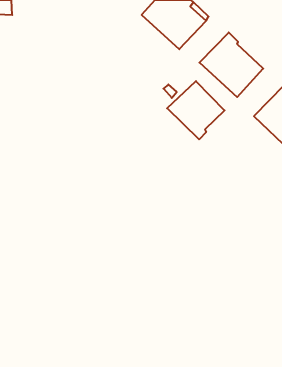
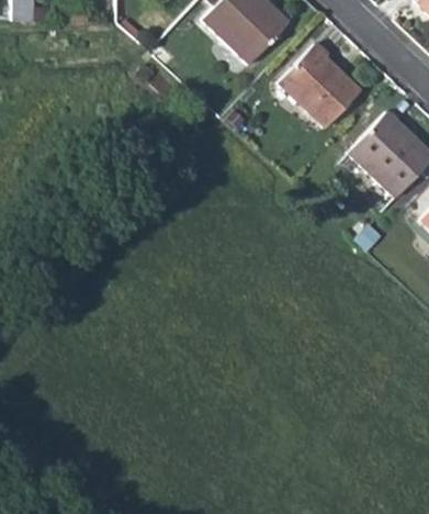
building: [167,81,225,139] -> none

